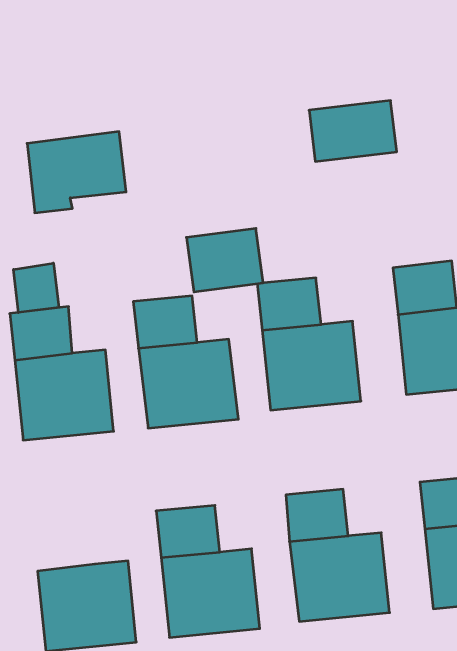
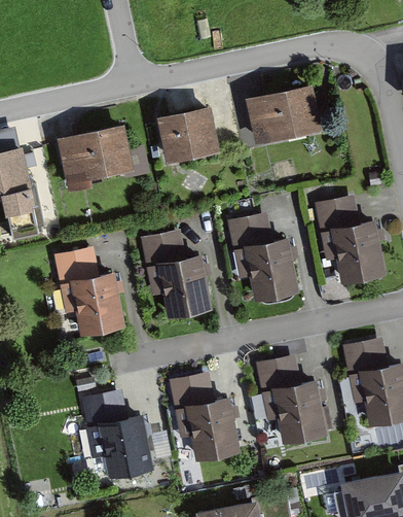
building: [186,228,263,292] -> [159,106,215,153]
building: [14,263,59,313] -> none
building: none -> [82,390,127,430]

